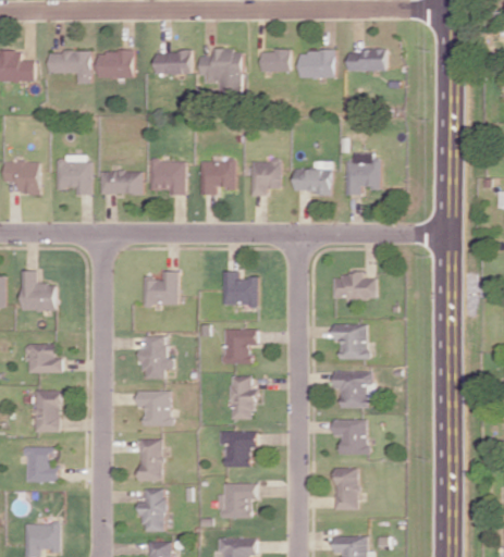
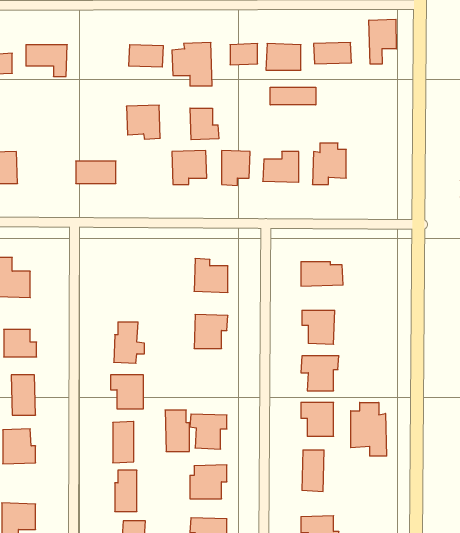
building: none -> [369,19,396,64]
building: [98,51,135,78] -> none
building: none -> [270,87,316,105]
building: none -> [190,108,219,140]
building: [58,156,91,195] -> none
building: [151,160,186,195] -> [126,105,160,139]
building: [143,270,180,305] -> none
building: [230,376,255,419] -> [165,410,189,451]
building: none -> [351,402,387,456]

